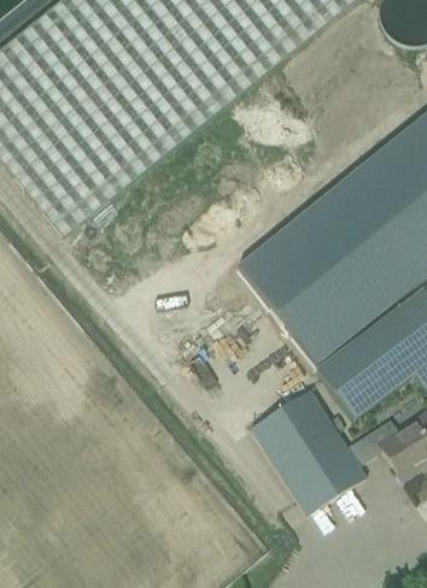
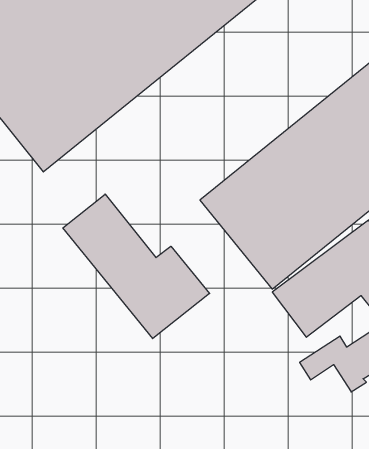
building: none -> [63,194,210,339]
building: [250,389,365,514] -> none

